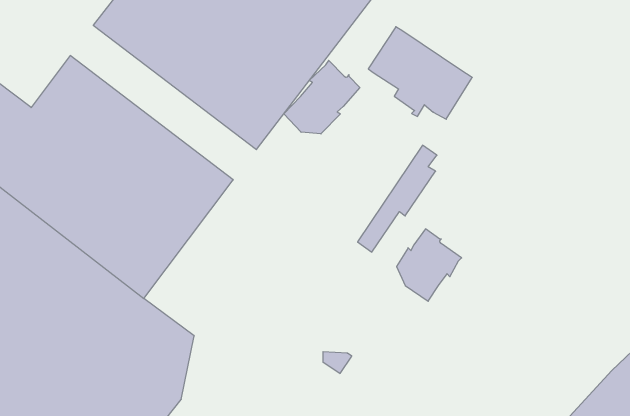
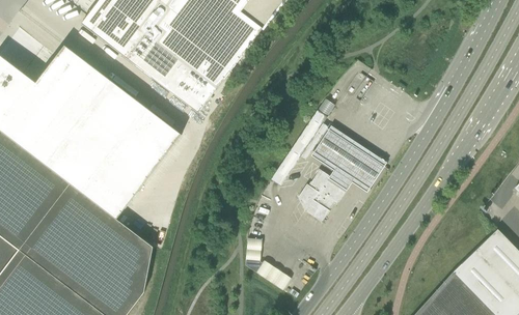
building: [368,27,472,119] -> [311,130,386,196]
building: [284,60,360,134] -> none

